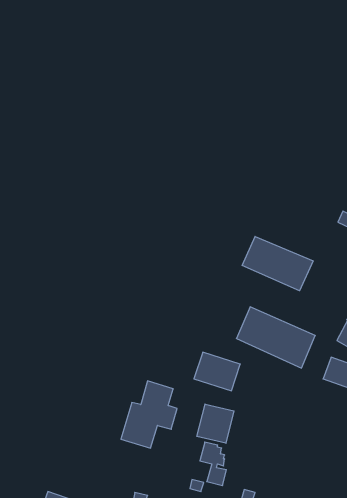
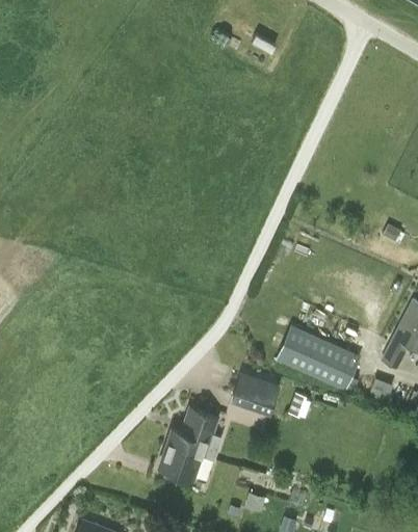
building: [242,236,313,291] -> none
building: [197,404,234,443] -> none

